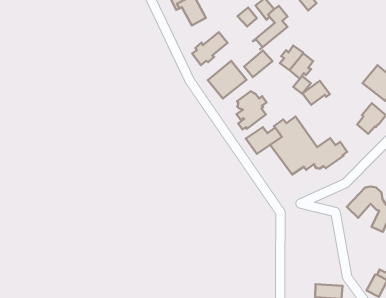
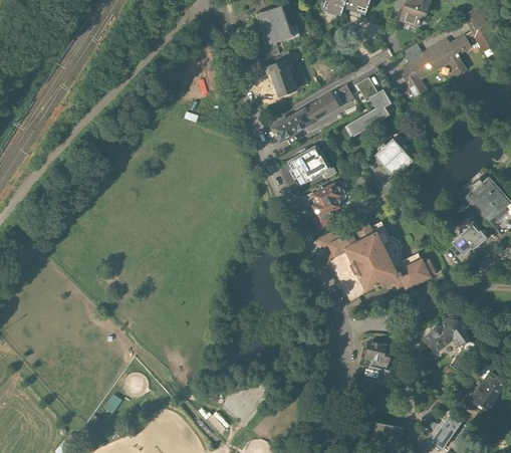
building: [244,51,272,77] -> [307,93,341,123]
building: [303,81,330,105] -> none
building: none -> [363,342,388,385]

